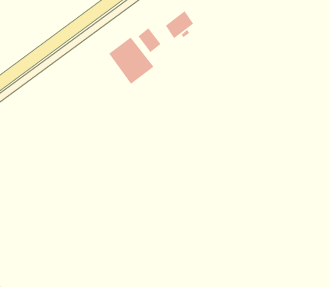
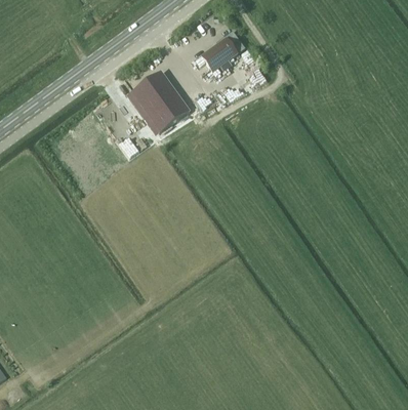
building: [137,27,161,53] -> none

